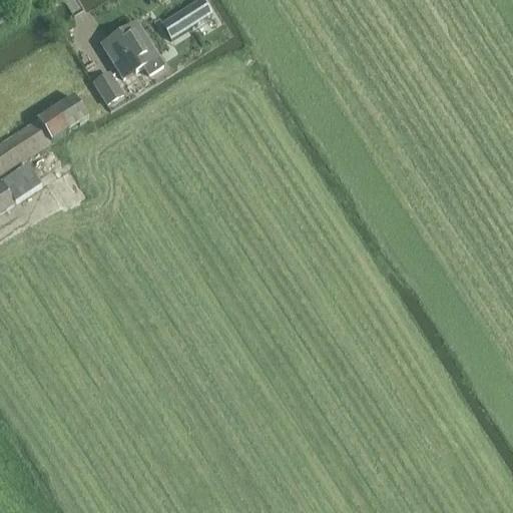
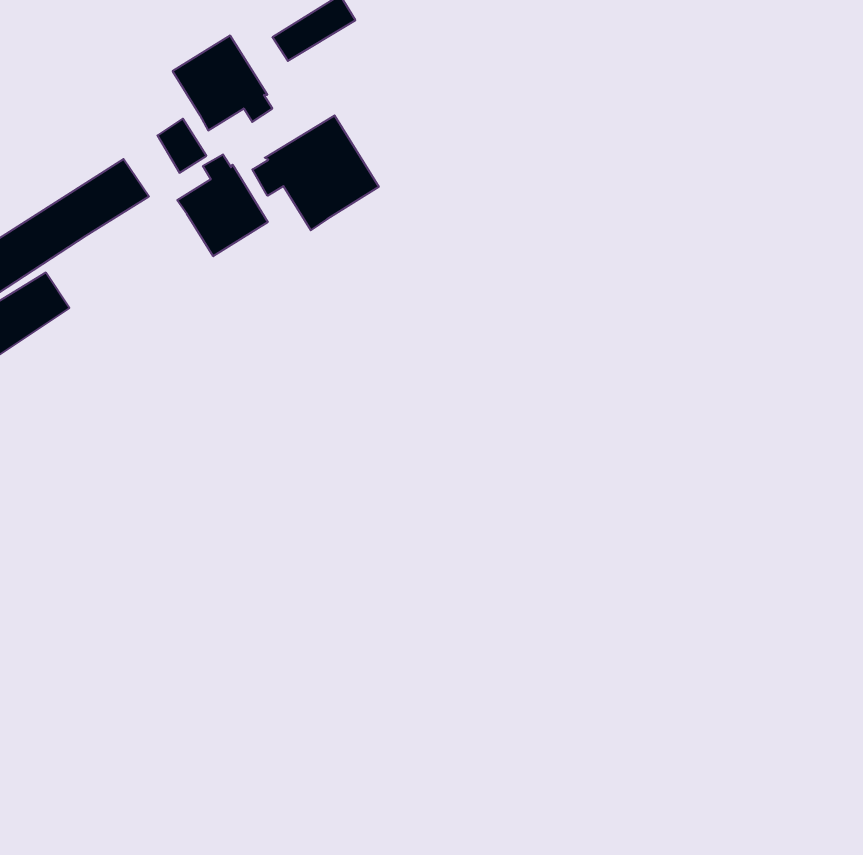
building: none -> [252,115,379,230]
building: none -> [177,154,268,256]

